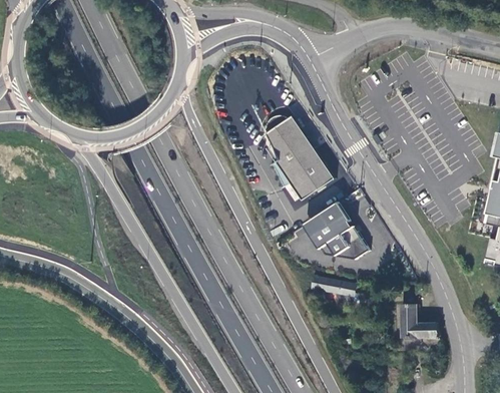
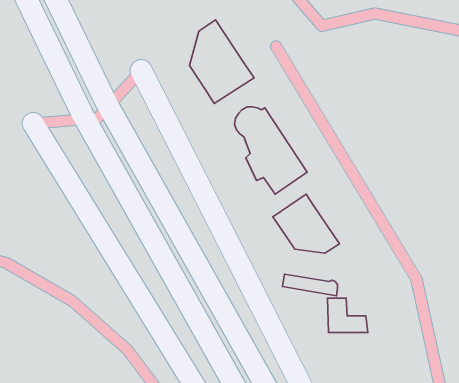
building: none -> [189,20,254,103]
building: [400,307,439,340] -> [327,298,368,333]

